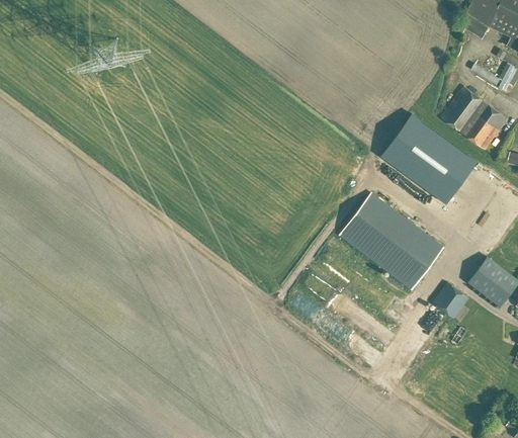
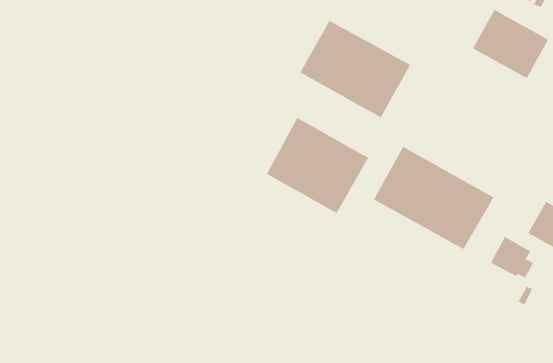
building: [381,113,478,203] -> [300,20,411,118]
building: none -> [266,117,369,214]

